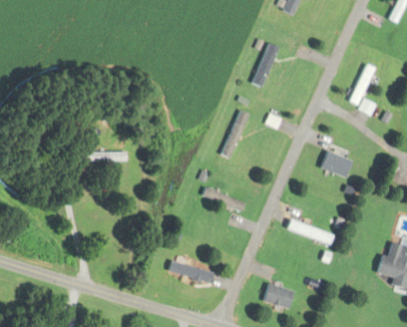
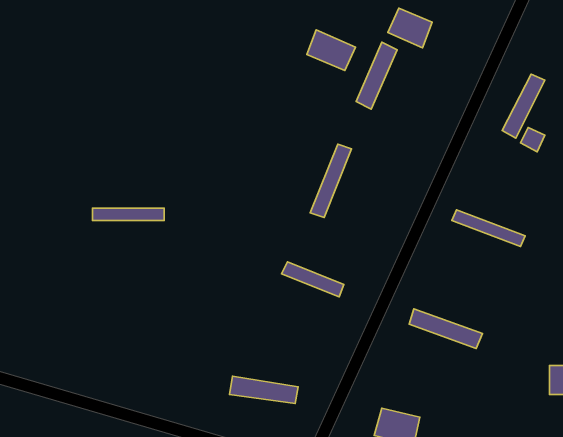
building: none -> [388,8,432,48]
building: none -> [307,30,356,71]

